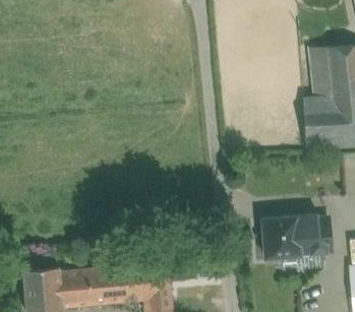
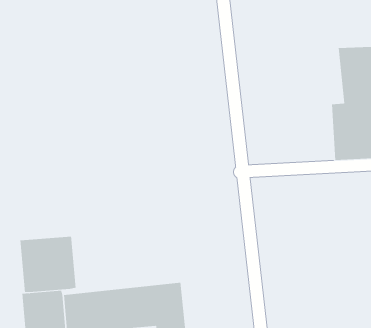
building: [261,213,331,267] -> none
building: none -> [20,236,76,293]

